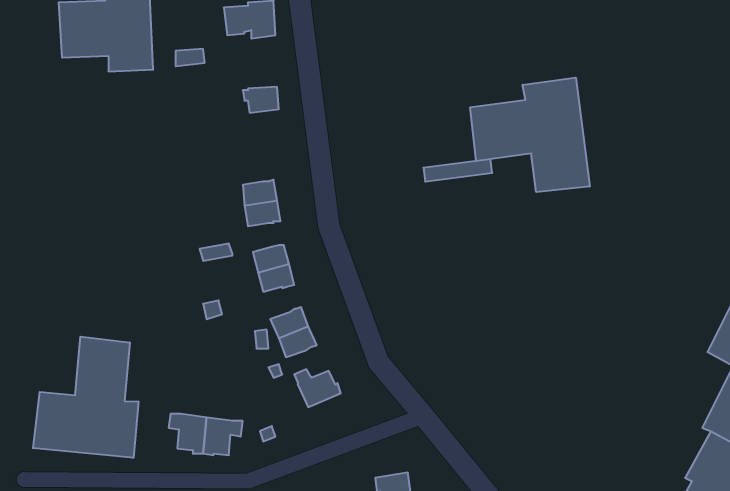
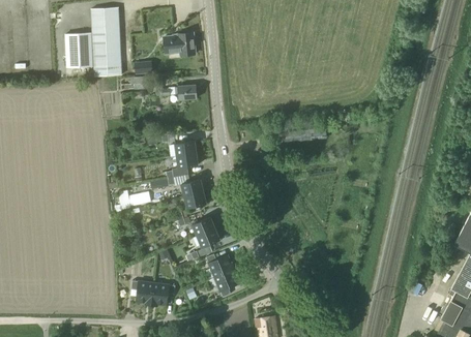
building: [470,78,590,192] -> none
building: [33,337,138,458] -> none
building: none -> [214,268,239,296]

